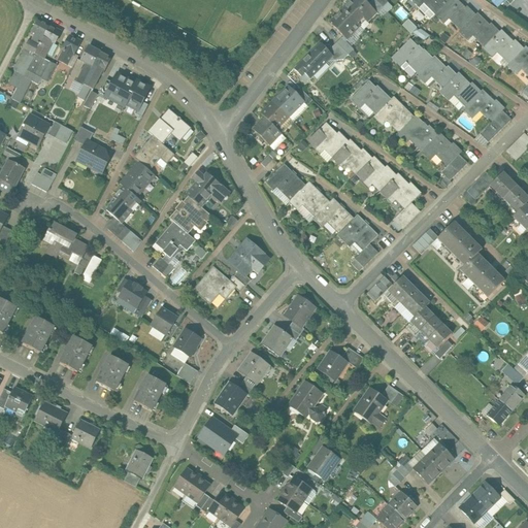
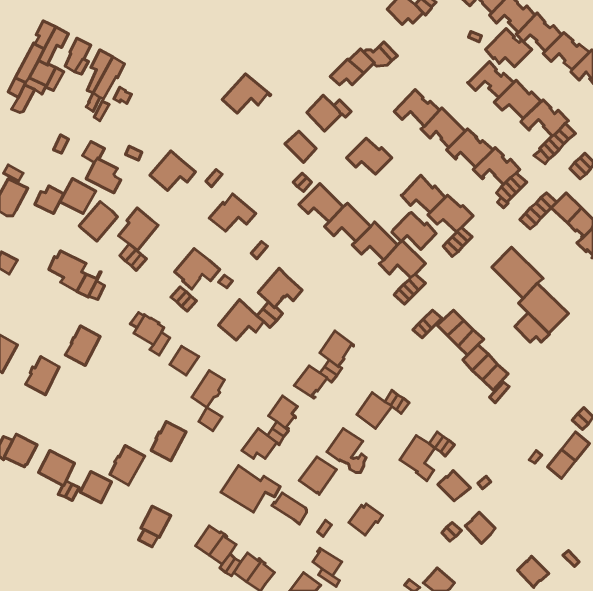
building: [329,8,360,39] -> none
building: [391,38,432,72] -> [485,29,532,67]
building: [114,75,144,104] -> none
building: [260,100,288,128] -> none
building: [147,107,191,142] -> [222,74,271,113]
building: [18,113,50,144] -> [60,179,96,213]
building: [332,139,371,172] -> [392,212,436,250]
building: [120,161,154,196] -> [79,202,118,241]
building: [169,197,210,231] -> none
building: none -> [515,313,550,342]
building: [60,335,91,370] -> [65,326,100,365]
building: [97,355,128,390] -> [110,446,145,485]
building: none -> [299,457,337,494]
building: [425,442,454,469] -> [438,471,470,501]
building: [284,475,315,503] -> [272,493,307,524]
building: [471,482,499,509] -> none
building: [388,491,416,518] -> none

